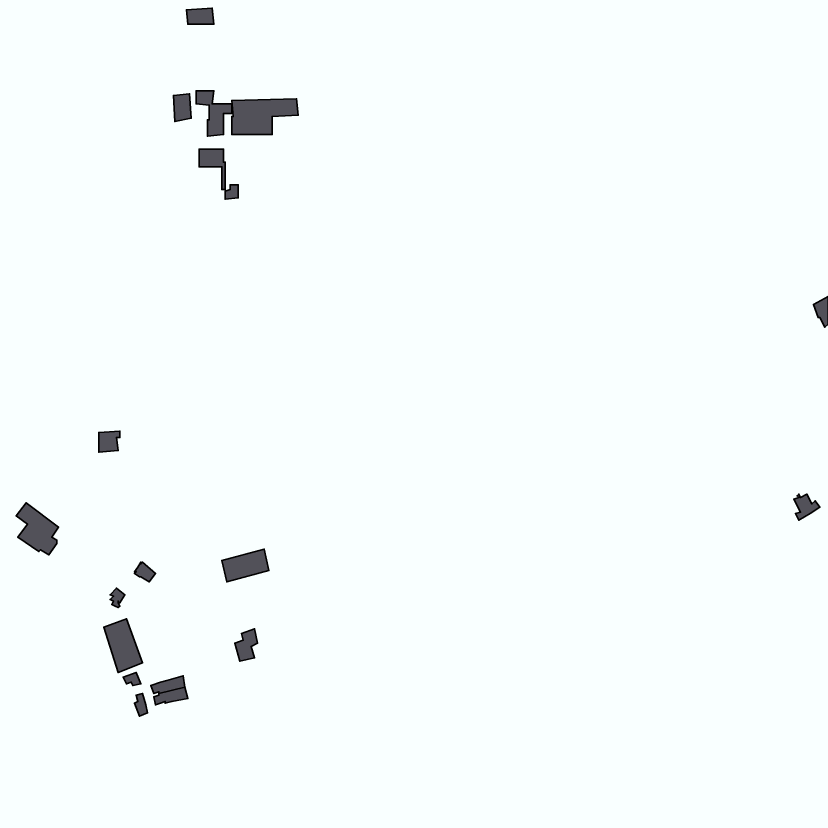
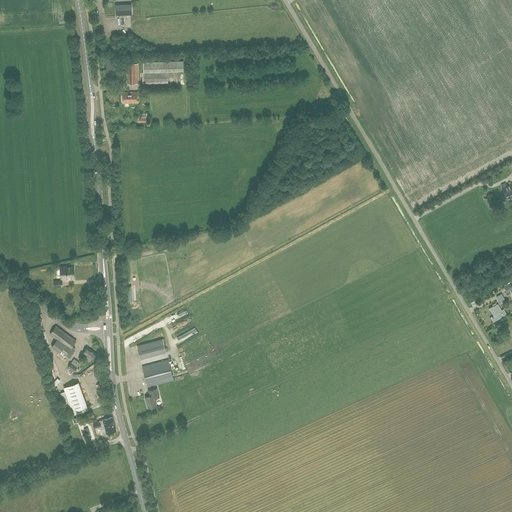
building: [16,503,58,555] -> [50,326,76,358]
building: none -> [142,359,174,387]

